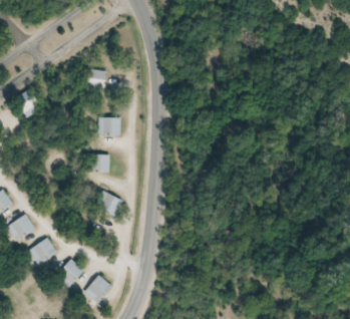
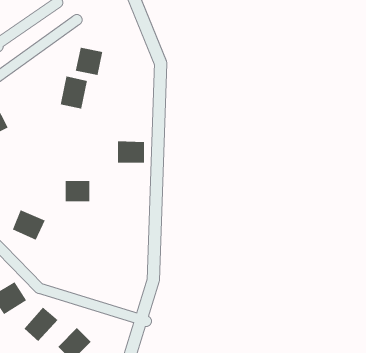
building: none -> [75,47,103,76]
building: [97,116,120,135] -> [117,140,145,163]
building: [93,191,121,217] -> [12,209,46,241]

